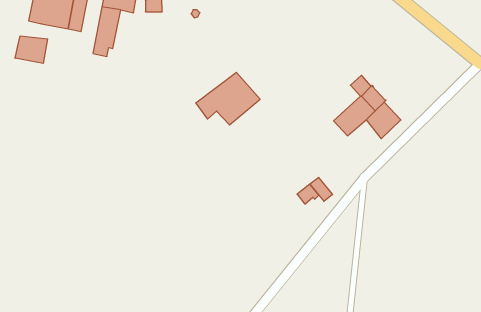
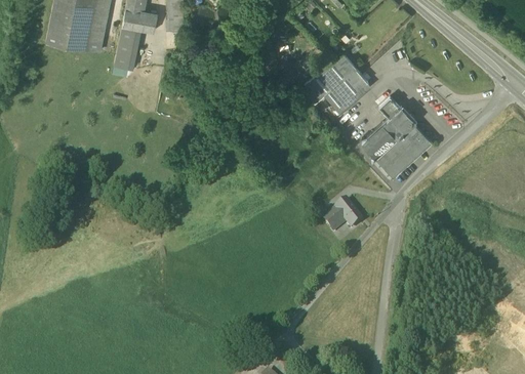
building: [15,36,48,63] -> none
building: [196,72,260,125] -> [302,55,369,110]
building: none -> [376,143,411,179]

